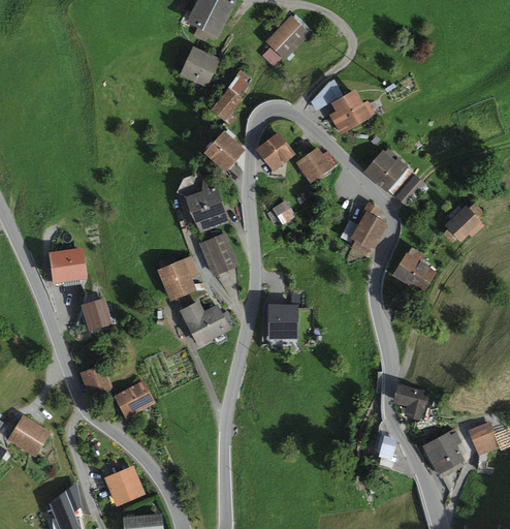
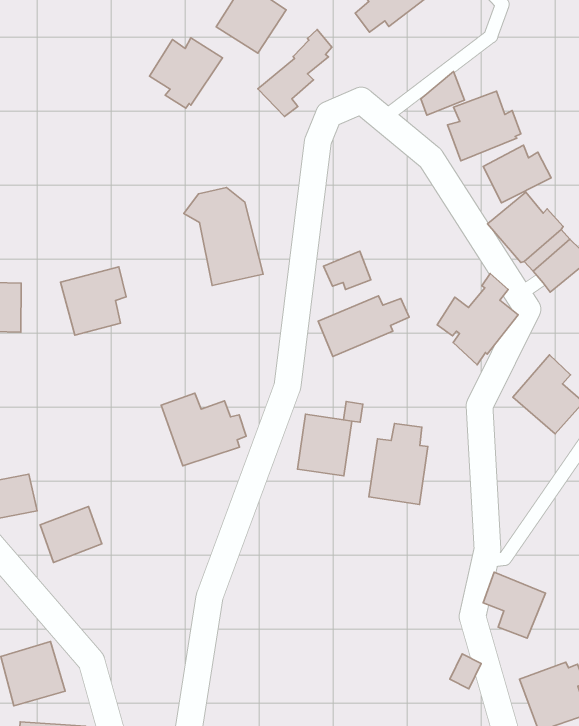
building: none -> [150,38,223,108]
building: [203,130,245,173] -> none
building: [255,132,295,172] -> none
building: [295,147,338,184] -> [483,145,551,203]
building: none -> [318,296,409,356]
building: [198,232,238,277] -> none
building: [156,256,197,302] -> [61,267,126,335]
building: [83,297,115,330] -> none
building: none -> [369,424,428,505]

